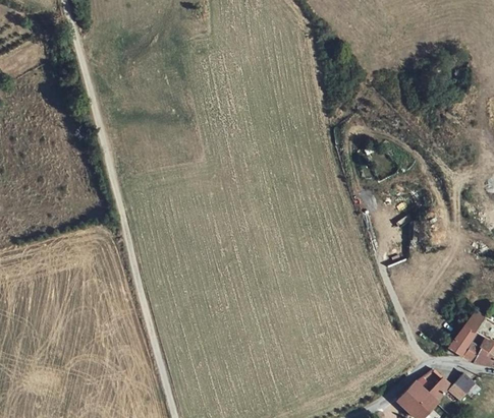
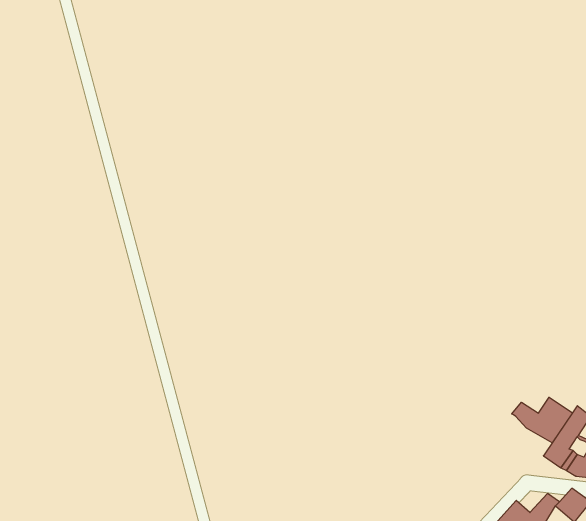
building: none -> [512,397,572,443]

